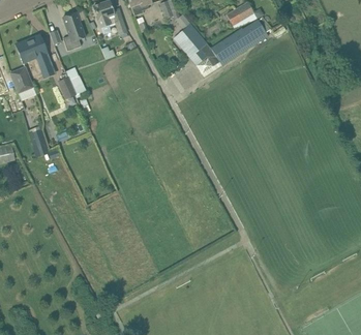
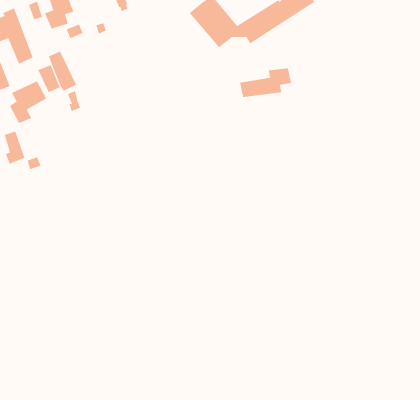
building: none -> [240,68,291,98]
building: none -> [9,81,47,124]

